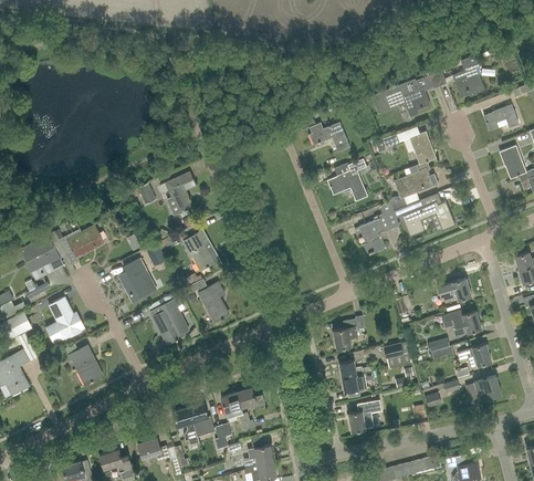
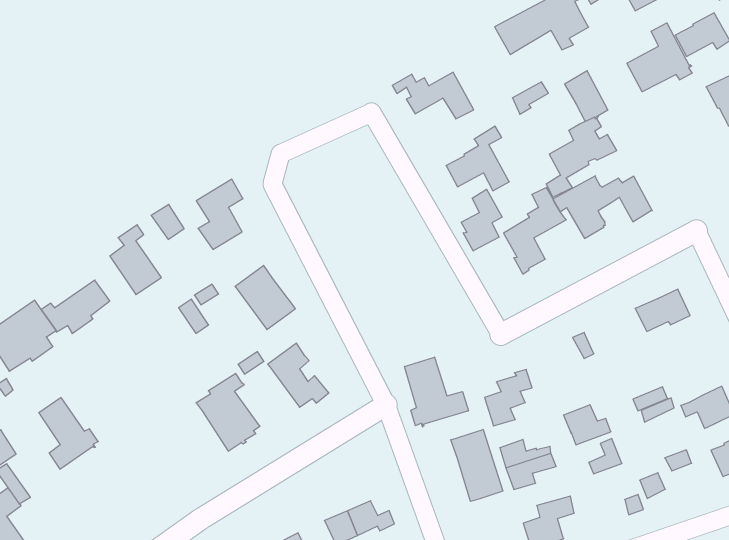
building: none -> [627,23,692,92]
building: none -> [461,189,502,251]
building: [121,258,151,302] -> [110,225,161,295]
building: none -> [405,357,468,427]
building: [441,310,481,335] -> none
building: [67,345,103,384] -> none
building: none -> [451,429,503,501]

